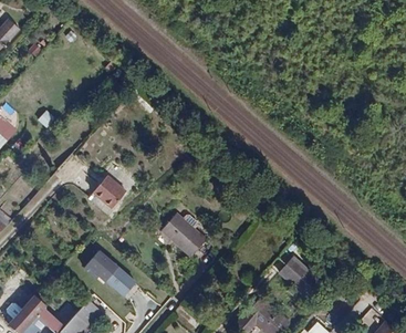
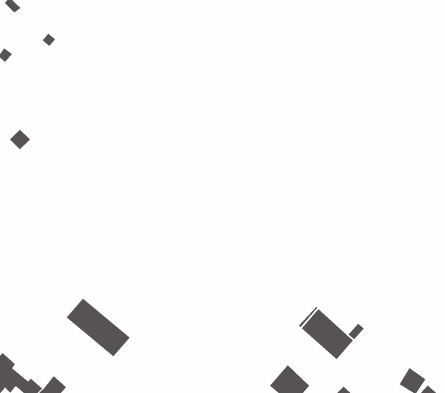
building: [93,176,124,206] -> none
building: [159,214,205,257] -> none

